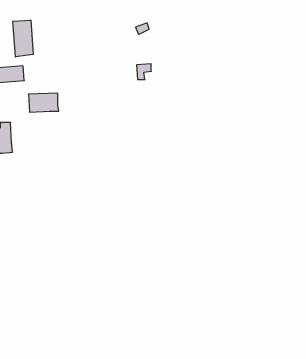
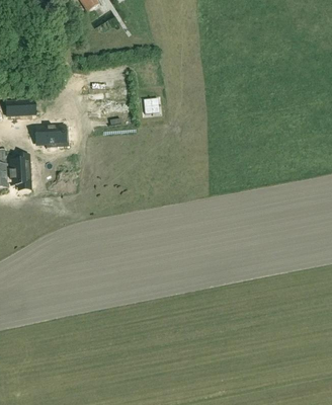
building: [13,20,33,57] -> none

